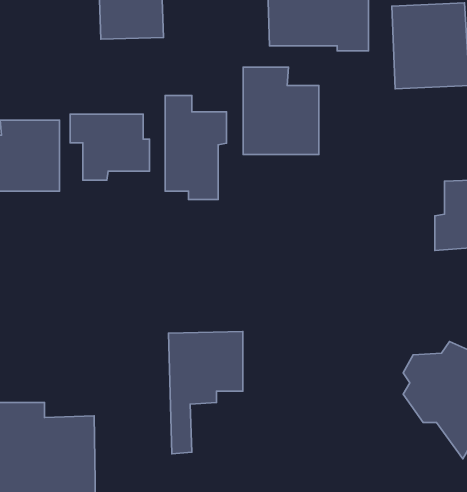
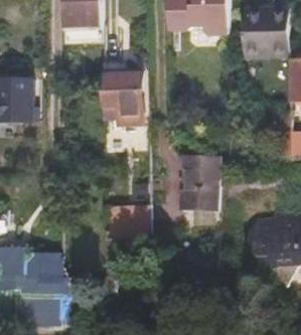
building: [243,67,319,154] -> none
building: [70,114,150,180] -> none
building: none -> [178,153,219,209]

